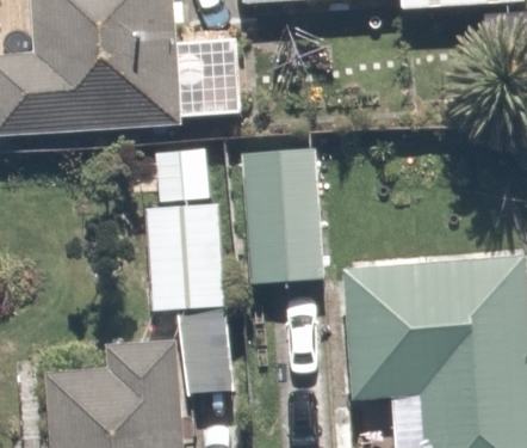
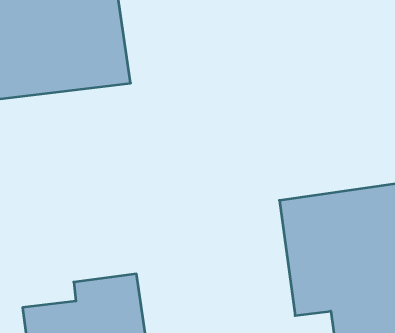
building: [238,148,323,286] -> none
building: [143,203,225,311] -> none

